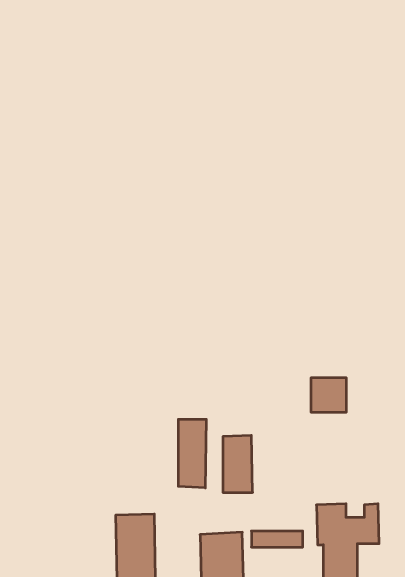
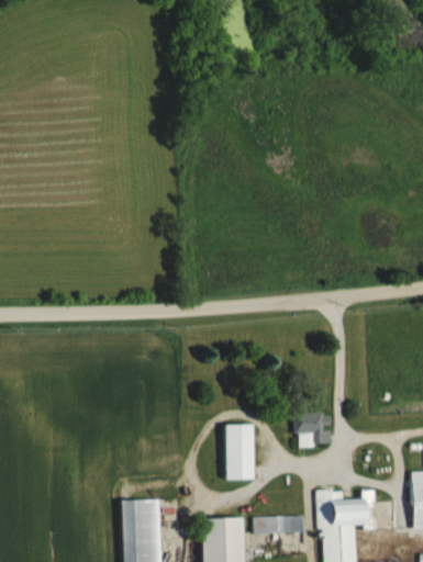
building: [311,378,346,412] -> [294,413,329,446]
building: [178,419,206,488] -> none

